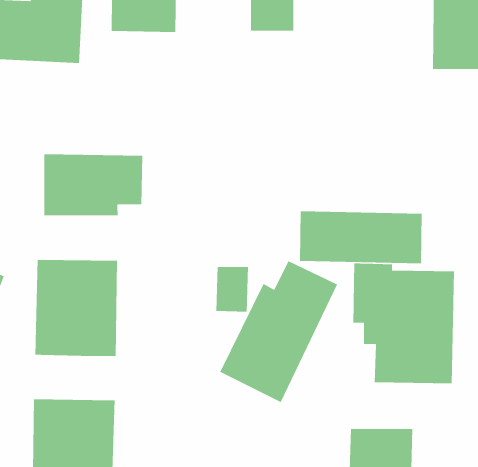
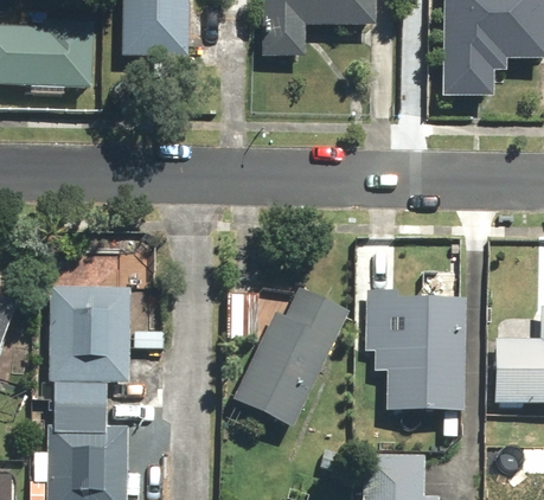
building: [43,154,143,216] -> none
building: [299,211,423,264] -> none
building: none -> [53,380,107,424]

